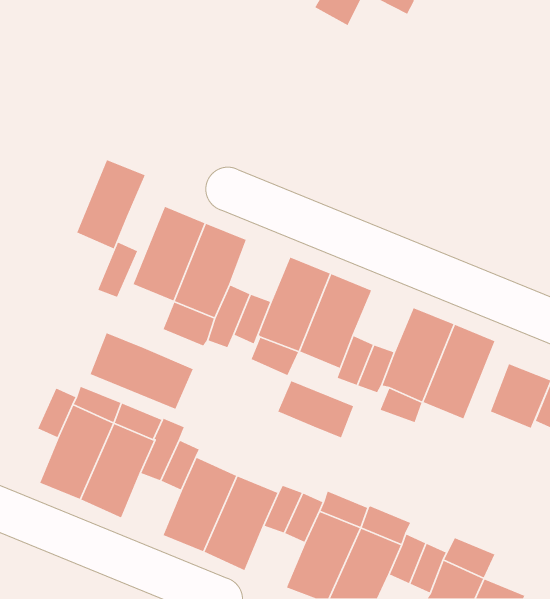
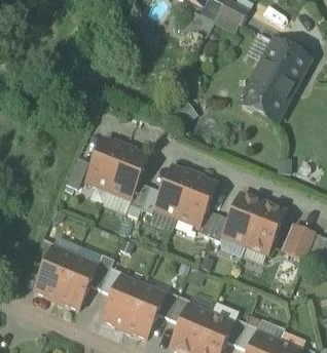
building: none -> [242,40,307,120]
building: [76,159,146,250] -> none
building: [89,332,194,410] -> none
building: [277,380,354,438] -> none

